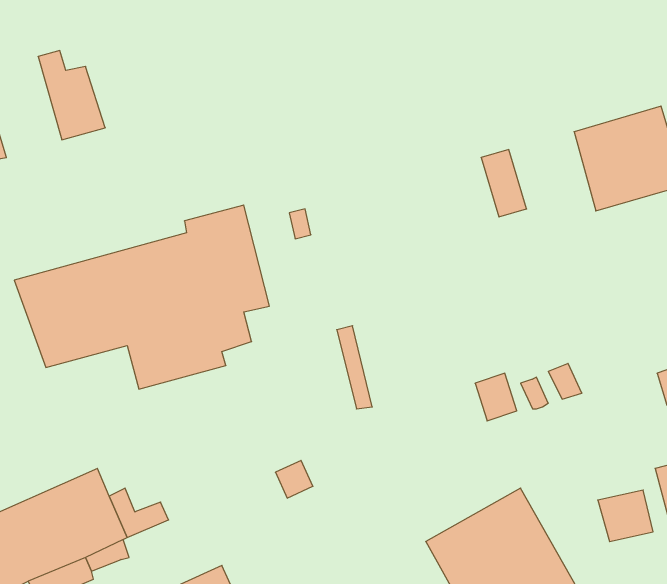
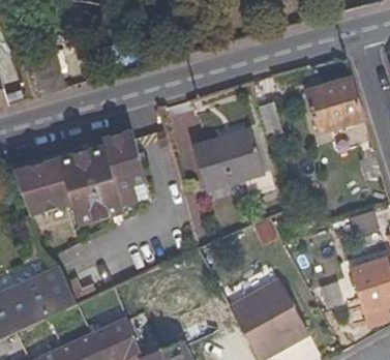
building: none -> [193,128,264,188]

